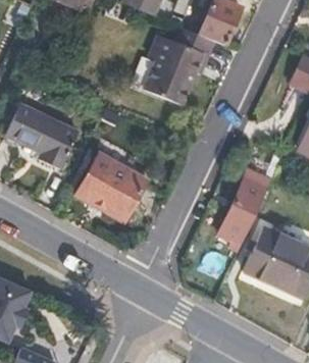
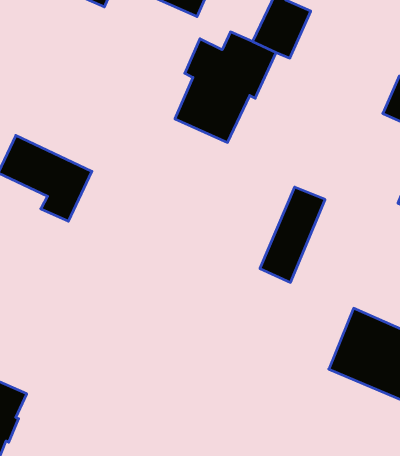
building: [78,150,149,217] -> none
building: [225,180,273,251] -> [260,187,325,282]

